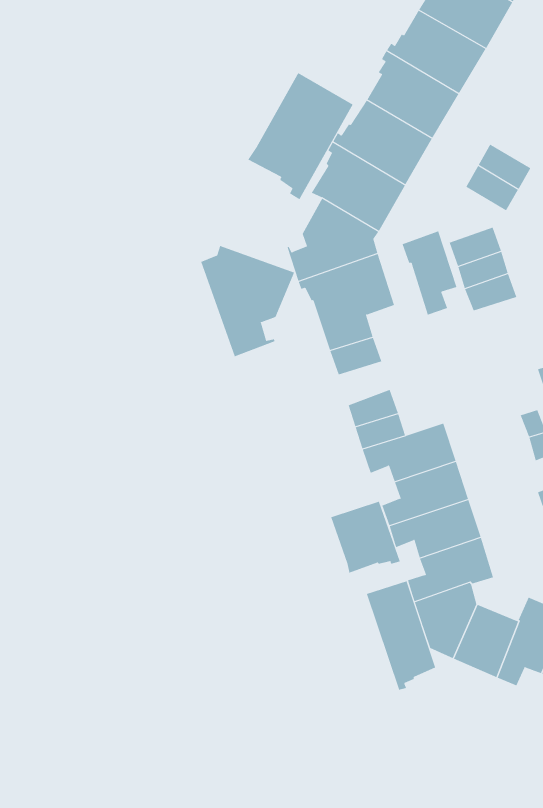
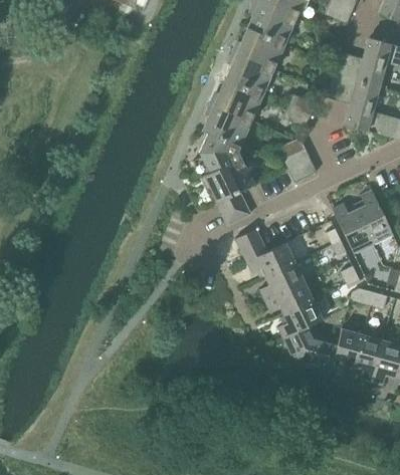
building: [247,72,353,200] -> none
building: [402,230,457,316] -> none
building: [201,245,295,357] -> none
building: [331,501,400,573] -> none
building: [366,581,436,691] -> none

